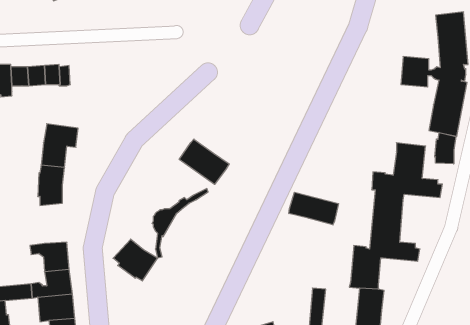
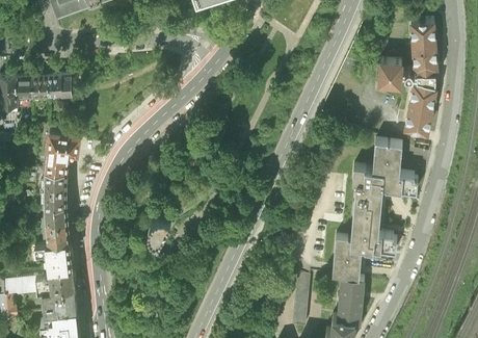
building: [435,132,456,164] -> none
building: [179,139,229,184] -> none
building: [289,192,339,225] -> none
building: none -> [42,203,69,240]
building: [113,239,158,281] -> none

